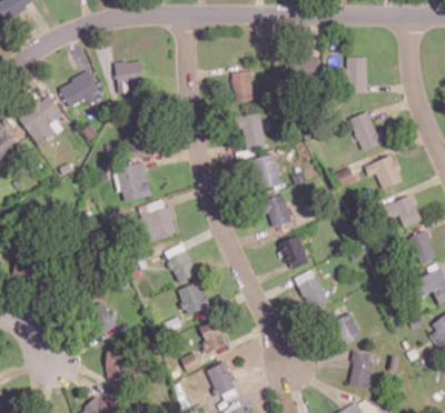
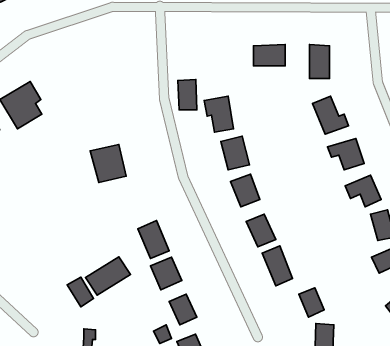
building: [113,59,144,92] -> none
building: [233,70,253,102] -> [178,79,197,110]
building: [58,71,101,107] -> none
building: [137,199,177,241] -> none
building: none -> [86,257,130,295]

